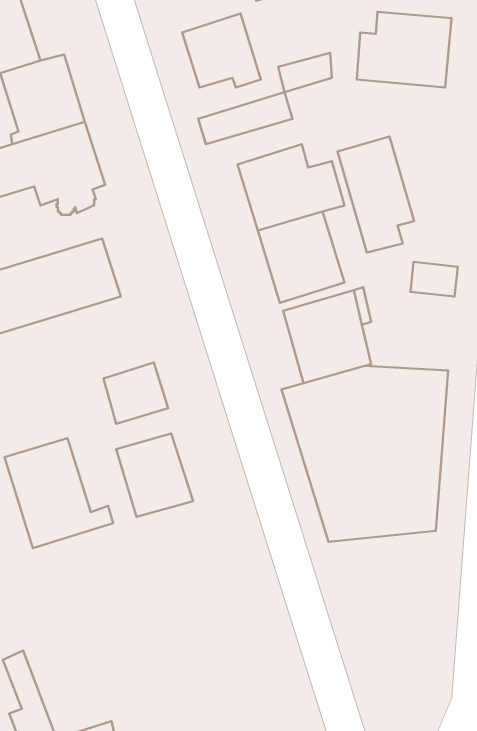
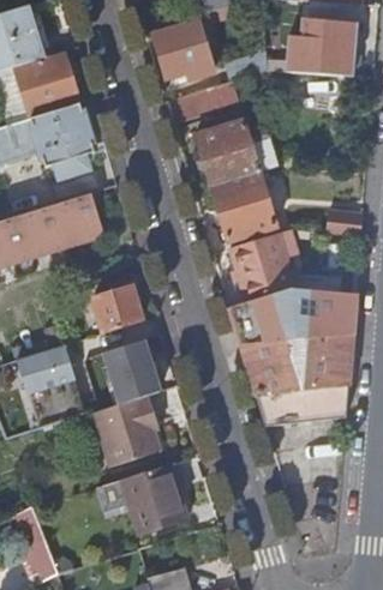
building: [338,136,414,253] -> none
building: none -> [94,395,166,466]
building: none -> [121,463,186,531]

